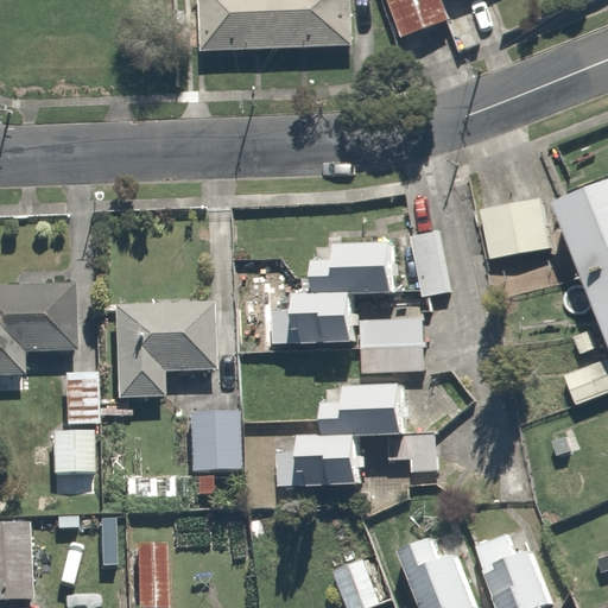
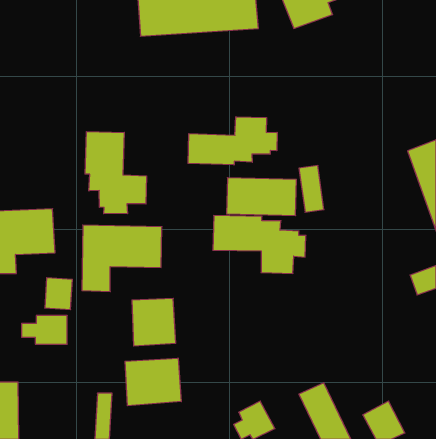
building: none -> [188,117,277,165]
building: none -> [85,132,146,214]
building: [481,196,550,258] -> none
building: [276,386,429,483] -> none
building: none -> [125,358,181,406]

